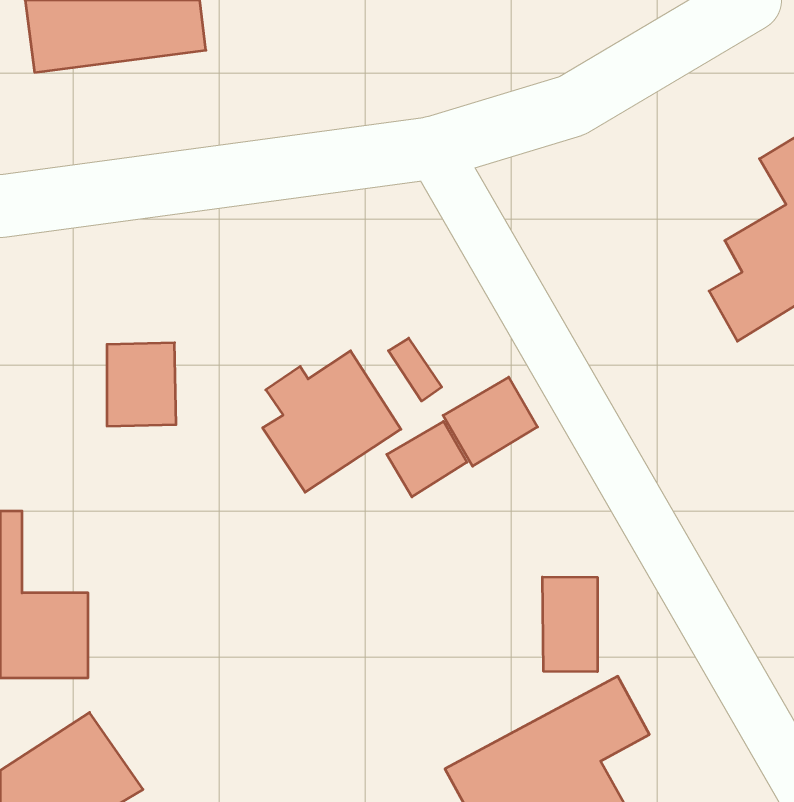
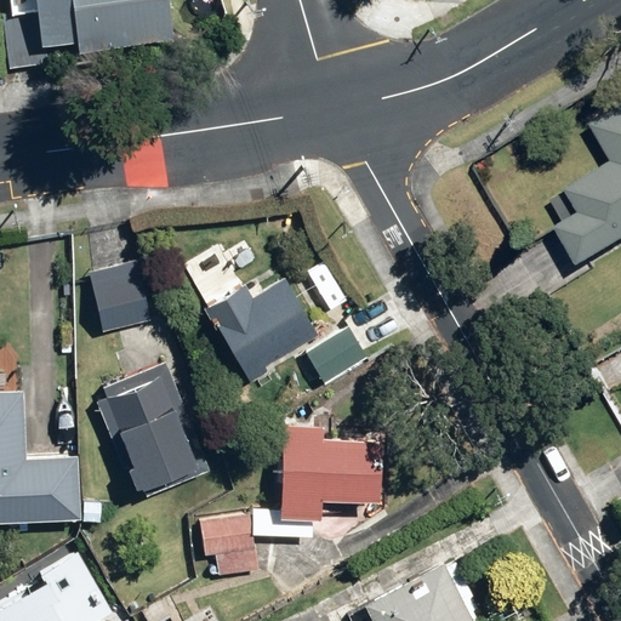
building: [443,377,538,466] -> none
building: none -> [86,361,210,491]
building: none -> [204,426,370,572]
building: [542,577,597,672] -> none

